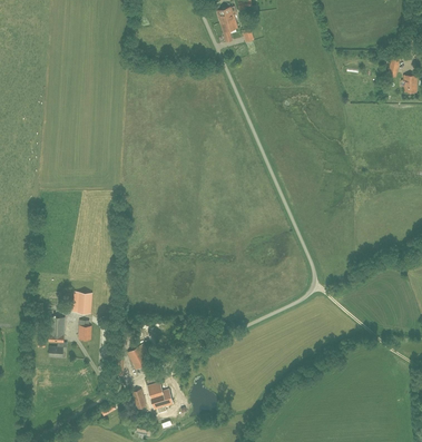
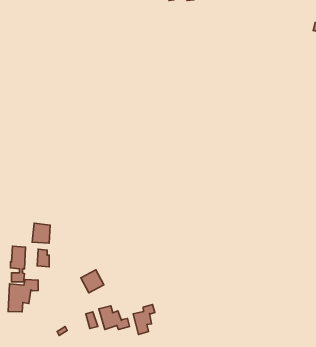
building: none -> [8,280,38,312]
building: none -> [133,305,155,335]

